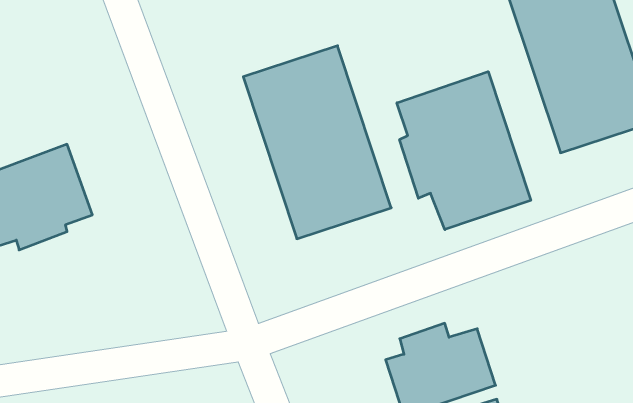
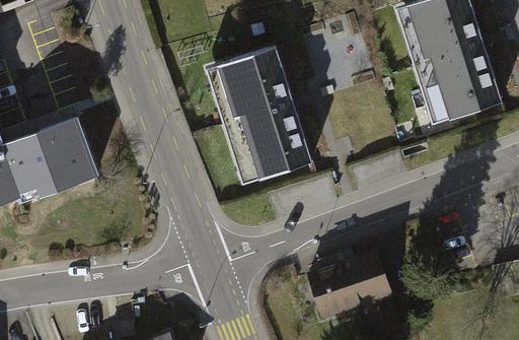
building: [397,72,531,230] -> none

